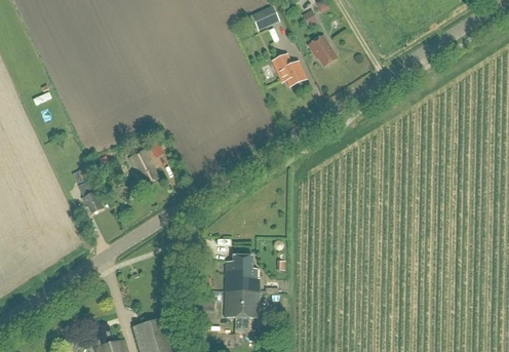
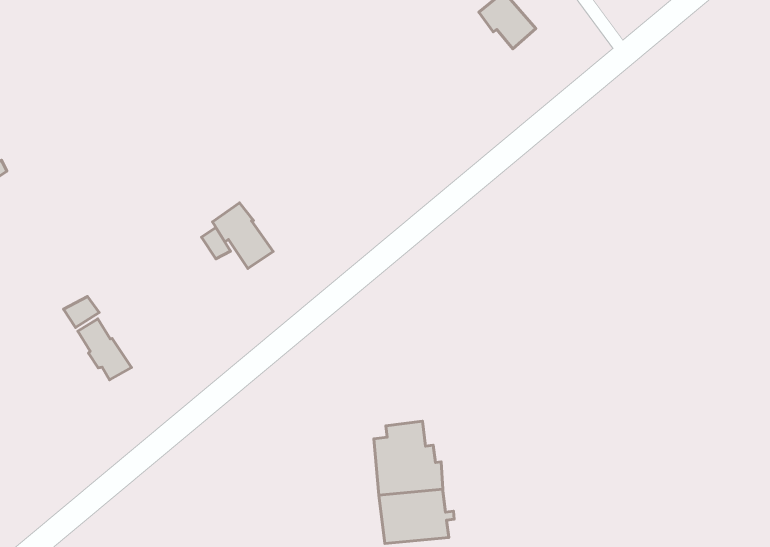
building: [273,53,306,85] -> none
building: [129,149,159,184] -> [213,203,273,268]

